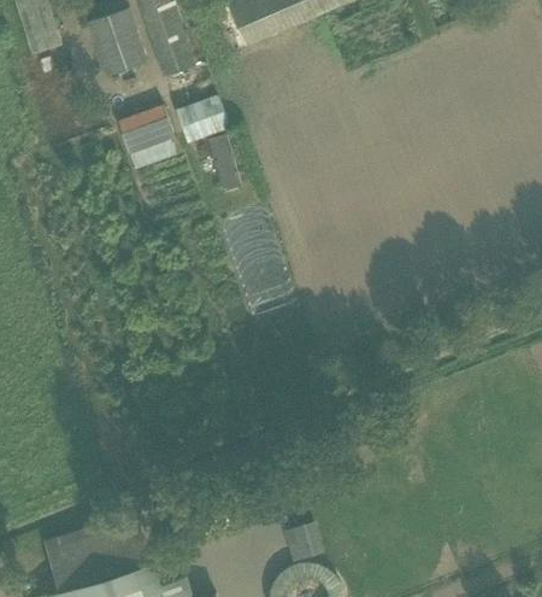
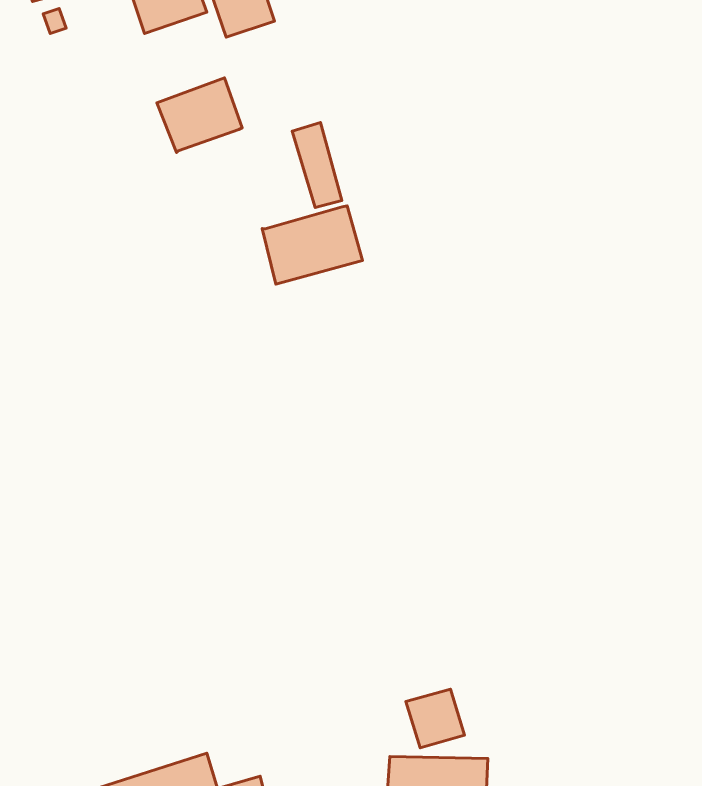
building: [177,93,230,142] -> none
building: none -> [262,206,363,284]
building: [43,515,145,572] -> none

